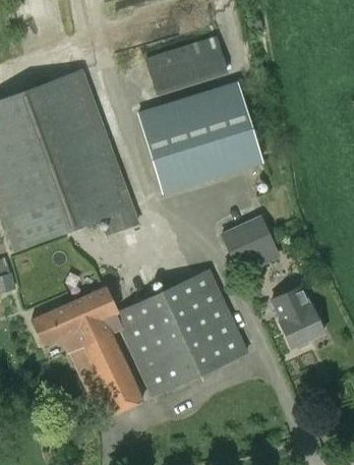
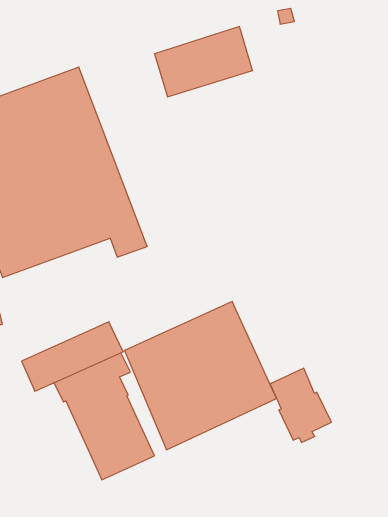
building: [130,88,257,196] -> none
building: [223,217,276,266] -> none
building: [273,286,324,349] -> [270,368,331,442]

